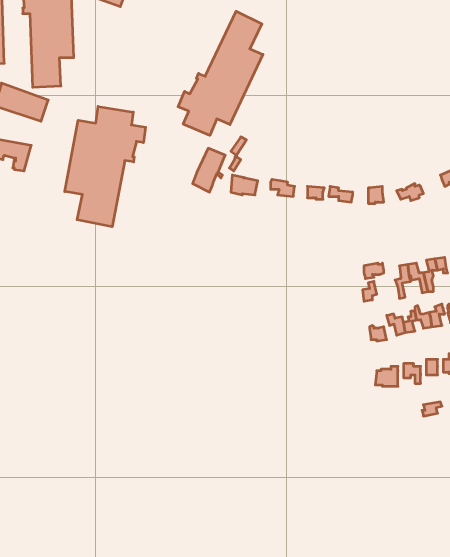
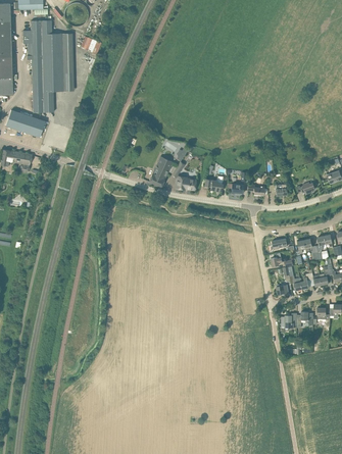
building: [178,11,263,135] -> none
building: [65,106,146,227] -> none

